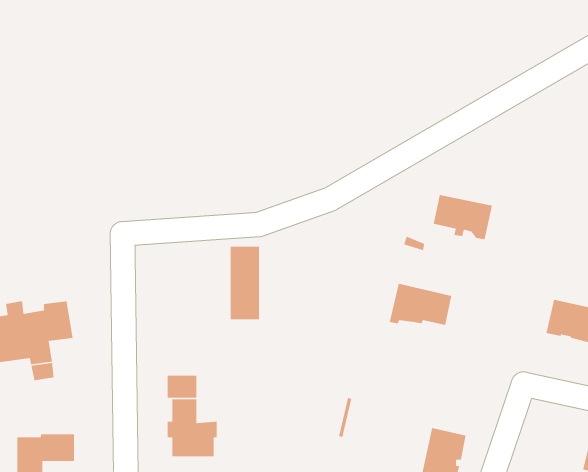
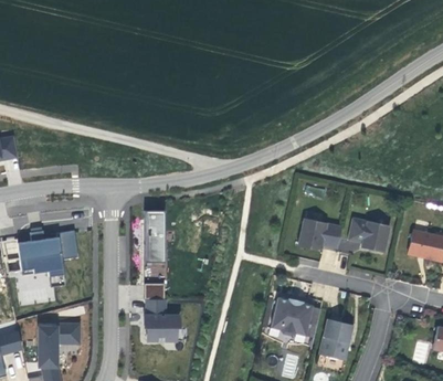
building: [433,194,493,240] -> [348,219,390,251]
building: [230,246,260,320] -> [144,211,165,263]
building: none -> [272,297,321,338]

